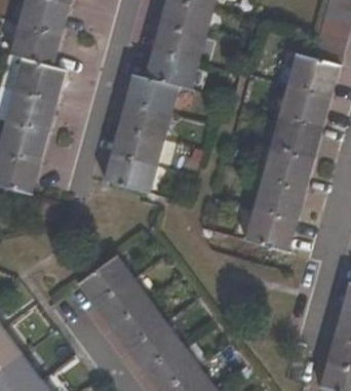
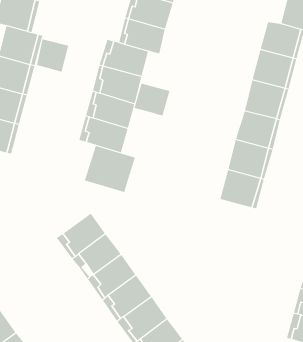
building: none -> [36,38,69,73]
building: none -> [134,83,170,116]
building: none -> [84,145,136,193]

